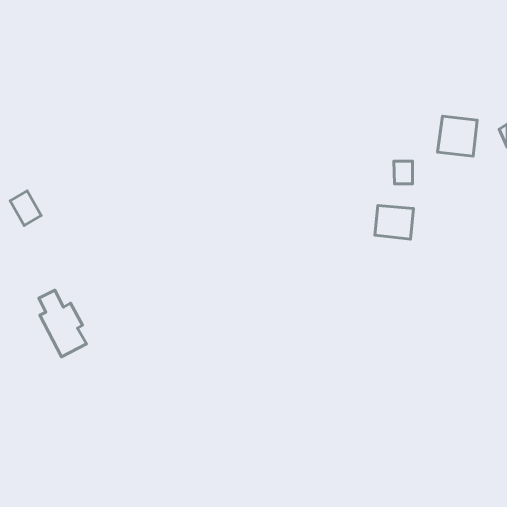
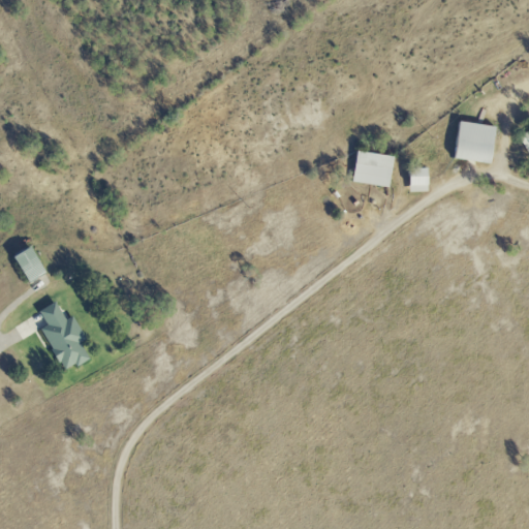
building: [10,191,41,226] -> [14,246,46,282]
building: [375,205,414,239] -> [352,151,393,186]

